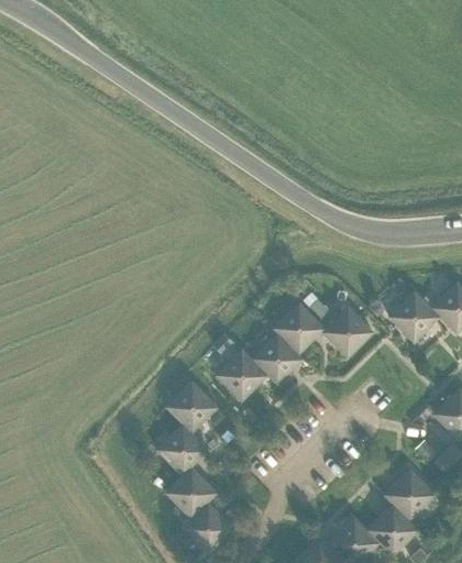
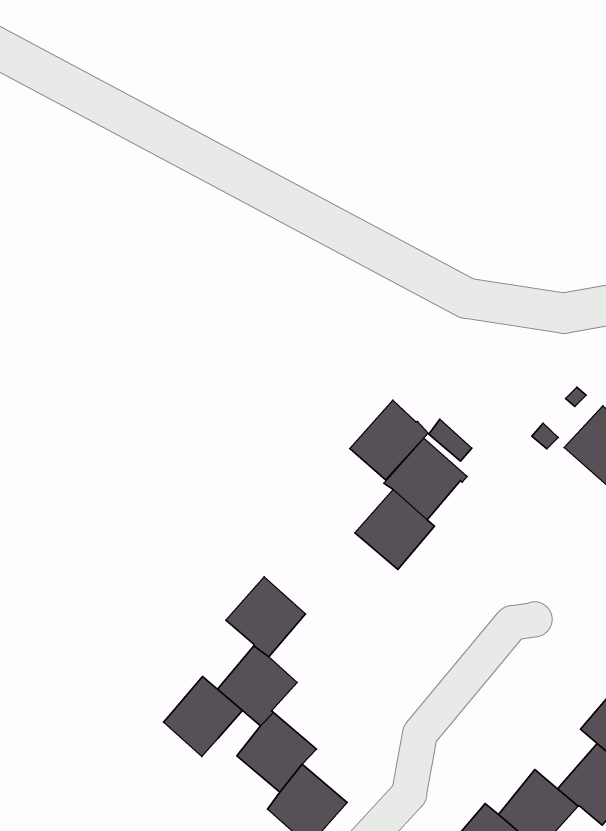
building: none -> [350,400,428,480]
building: [321,306,372,356] -> none
building: [216,349,266,399] -> none
building: none -> [164,676,242,757]

